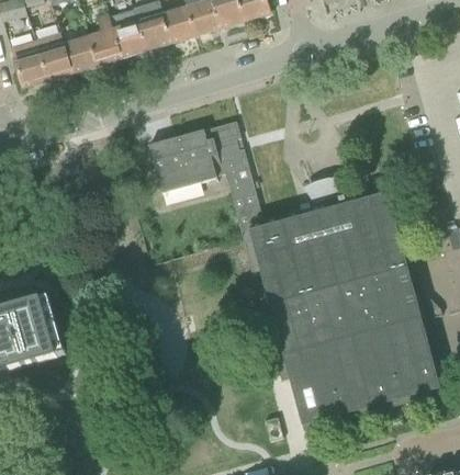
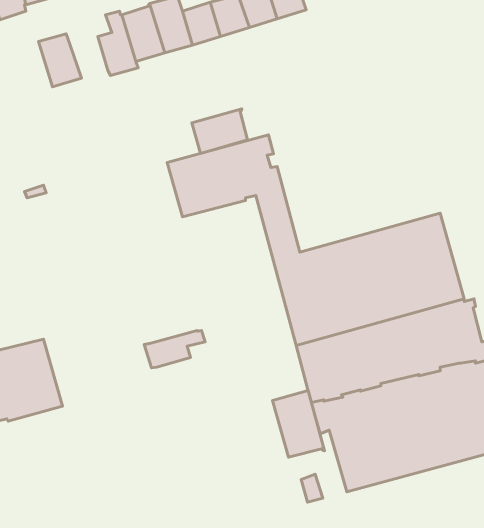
building: [64,35,97,71] -> none
building: [11,39,48,87] -> none
building: none -> [192,109,248,153]
building: none -> [144,330,205,368]
building: none -> [272,391,324,457]

